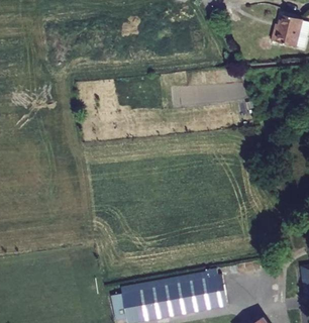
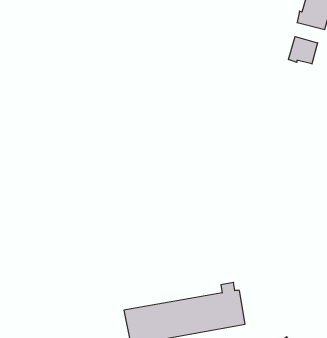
building: none -> [288,37,318,64]

